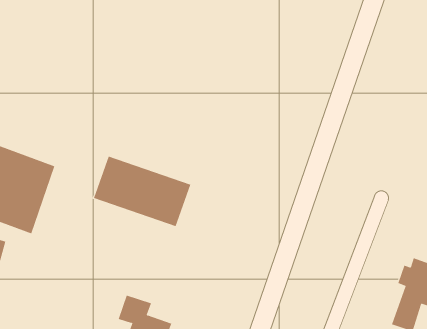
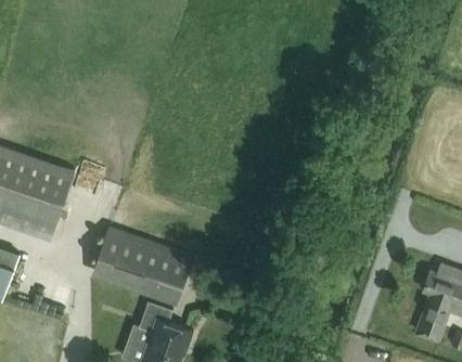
building: [93,156,191,227] -> [93,228,193,300]

